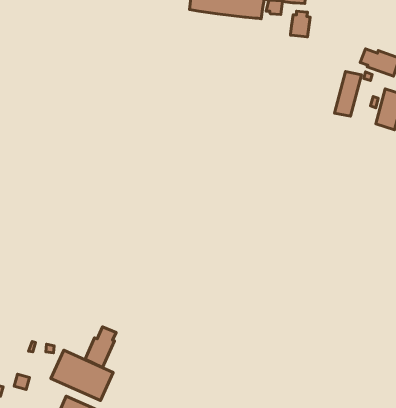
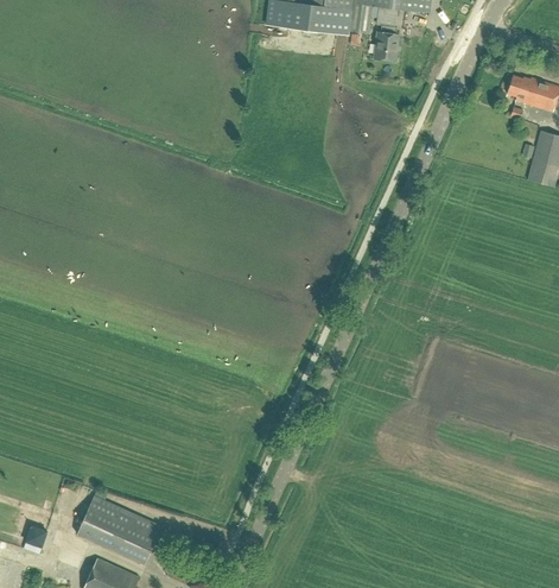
building: [291,11,310,37] -> [373,26,400,62]
building: [334,72,362,116] -> none
building: [85,327,116,368] -> none

